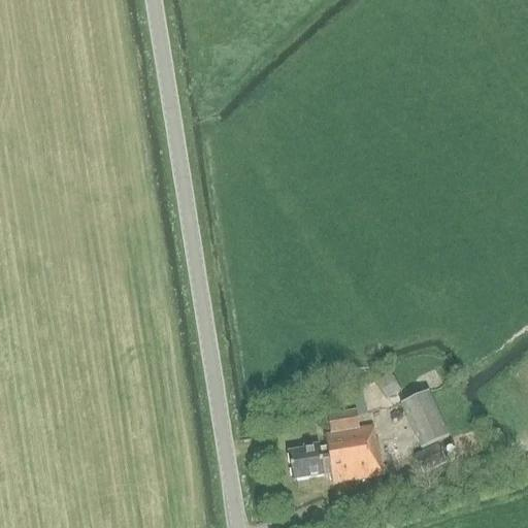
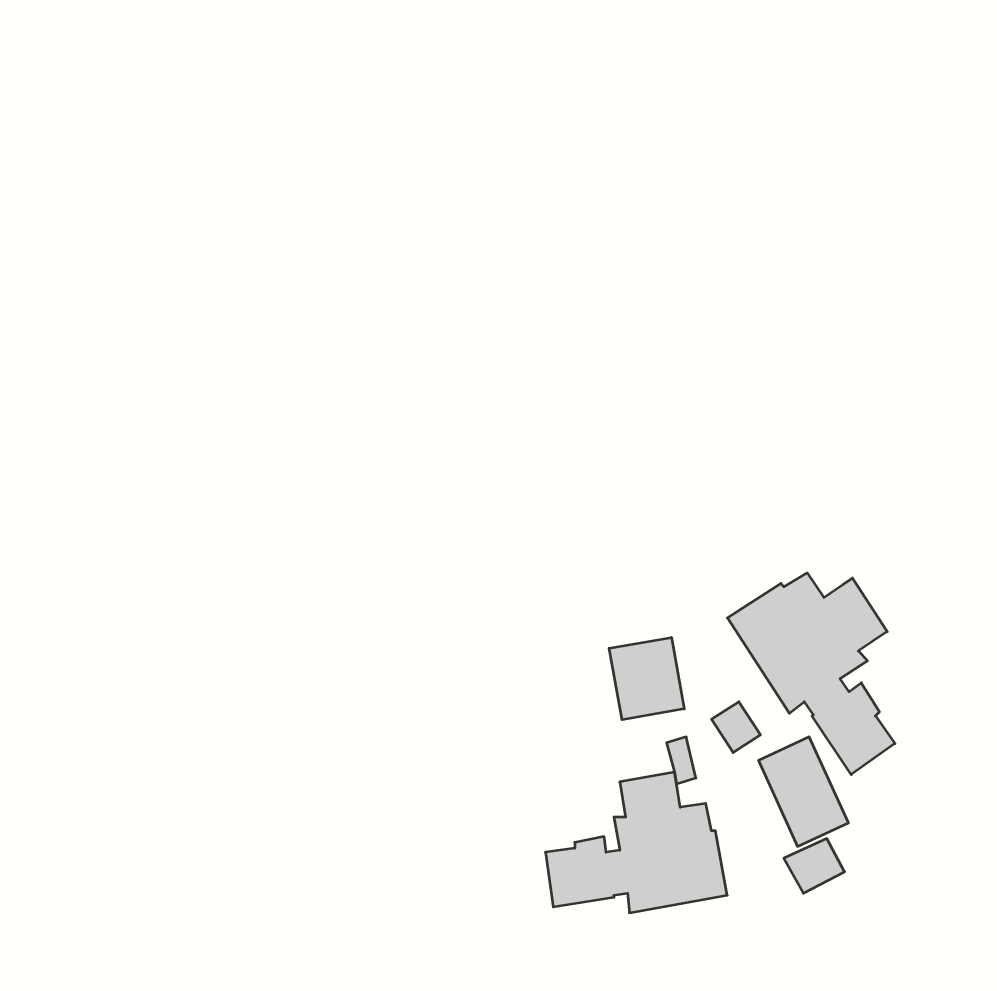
building: none -> [727,573,895,775]
building: none -> [609,637,684,720]

